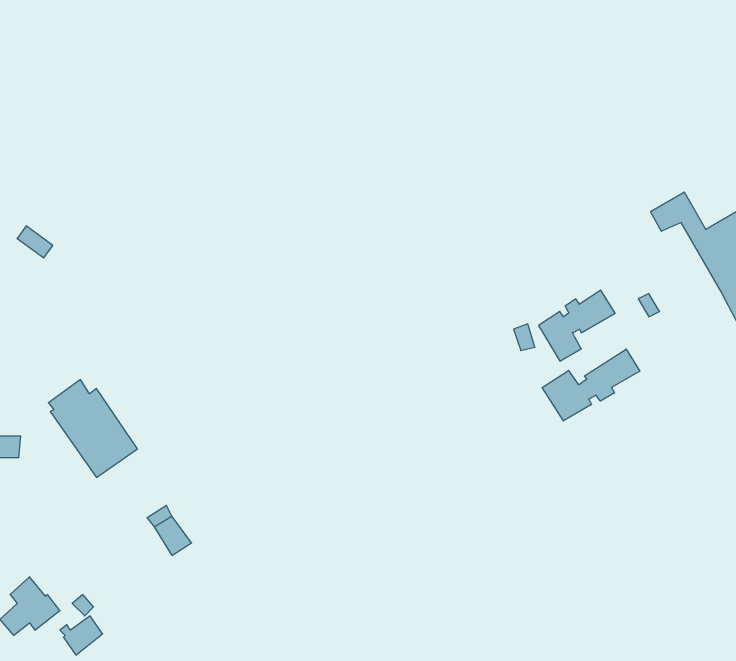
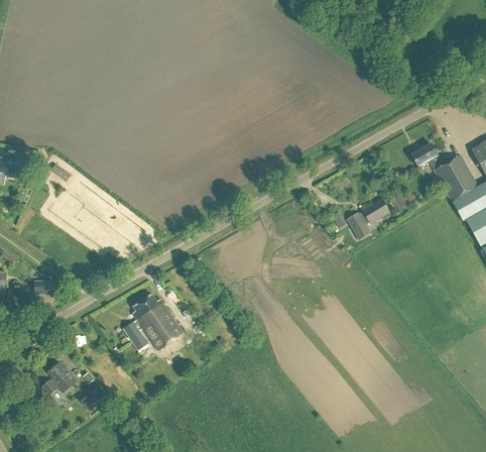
building: [542,349,640,421] -> none
building: [48,380,137,477] -> [131,294,181,349]

